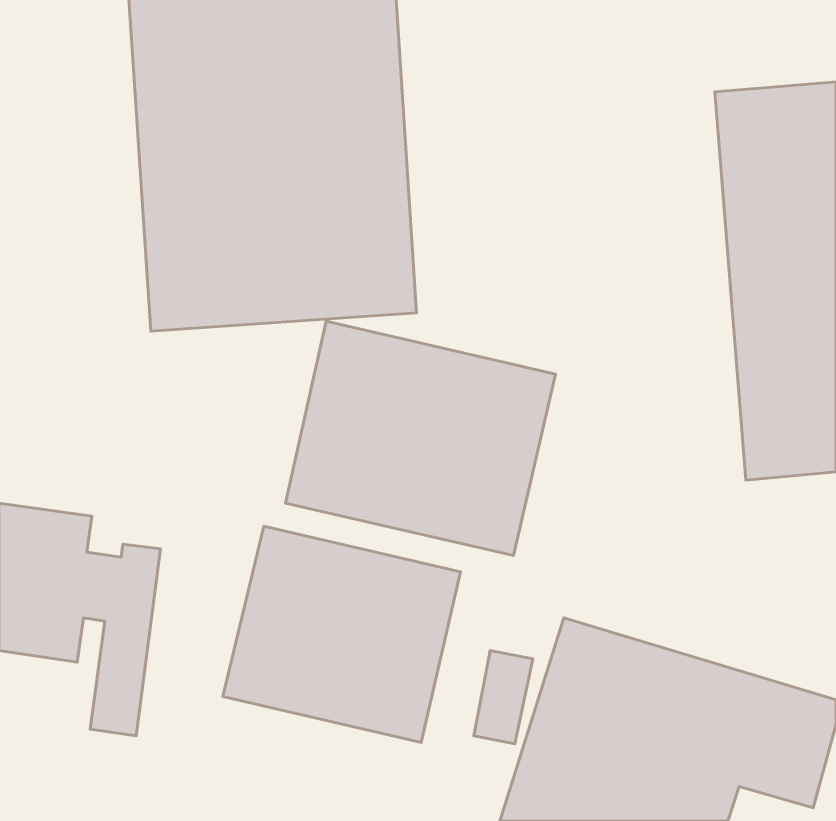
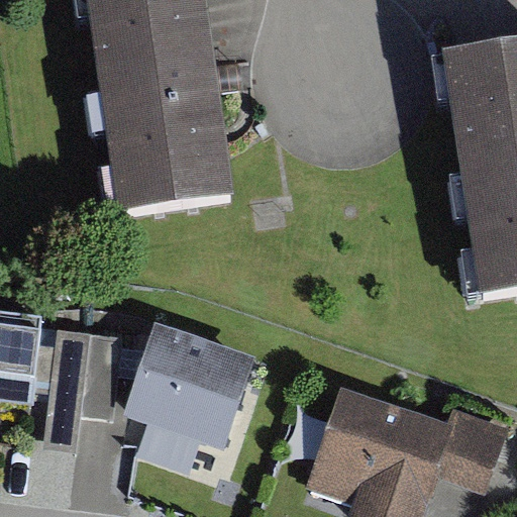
building: [286,321,556,556] -> none

